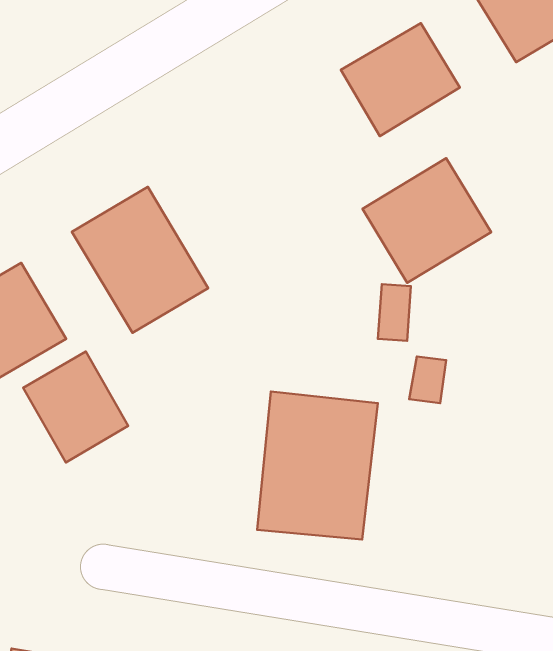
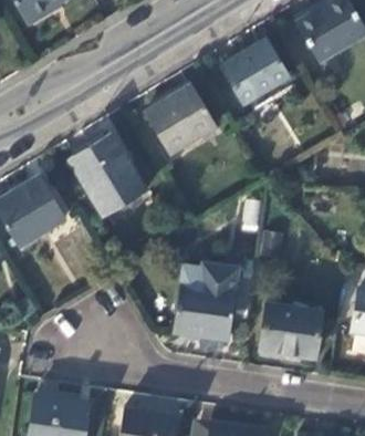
building: [362,158,491,283] -> [144,84,217,155]
building: [23,352,128,462] -> none
building: none -> [259,302,320,359]

